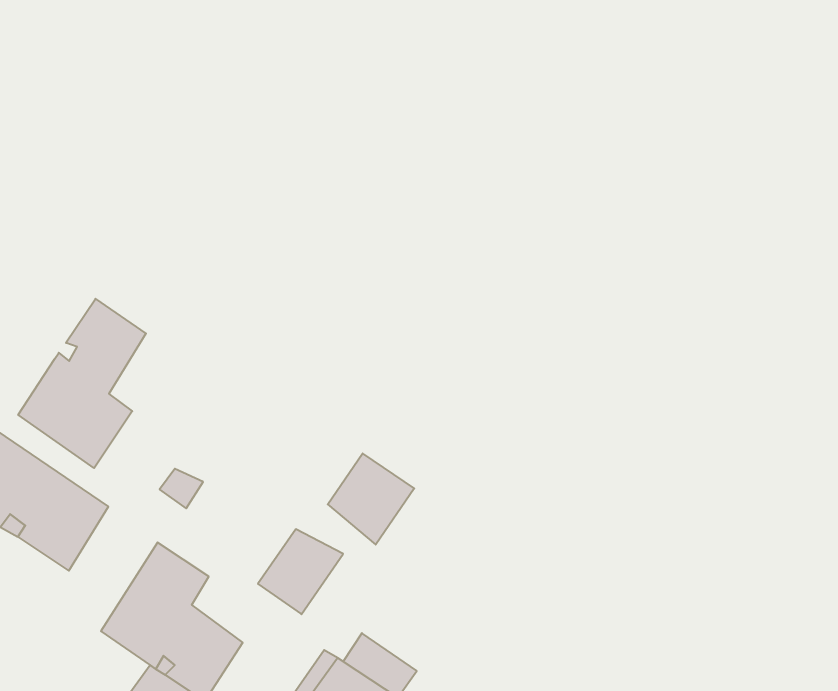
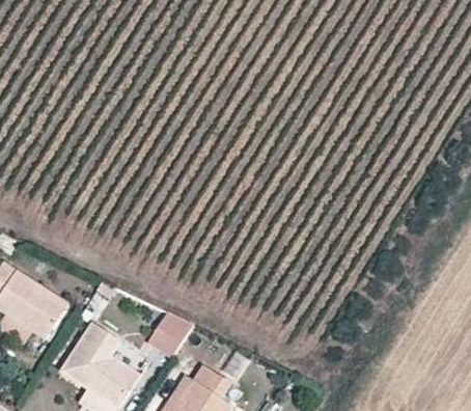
building: [18,299,146,468] -> none
building: [328,453,414,545] -> none

